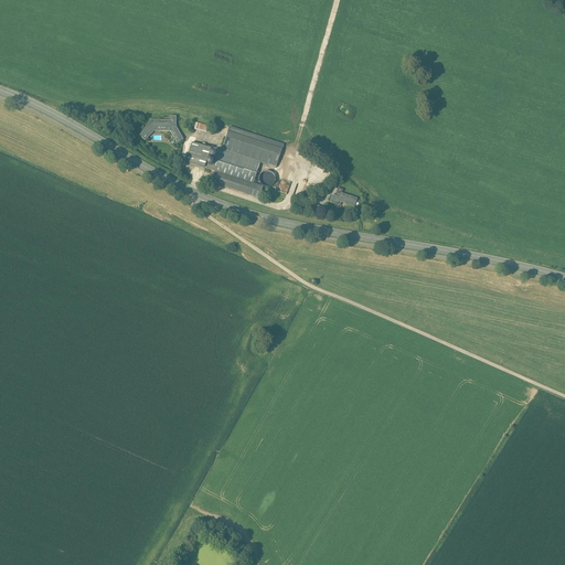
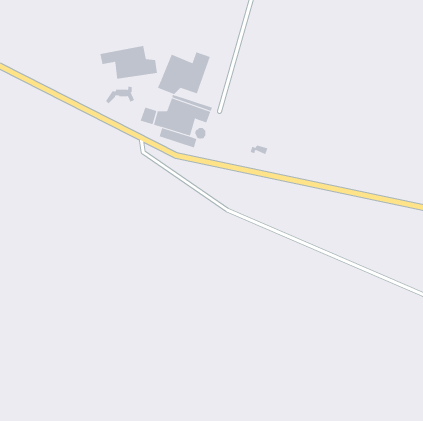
building: none -> [100,45,157,80]
building: none -> [157,51,211,95]

